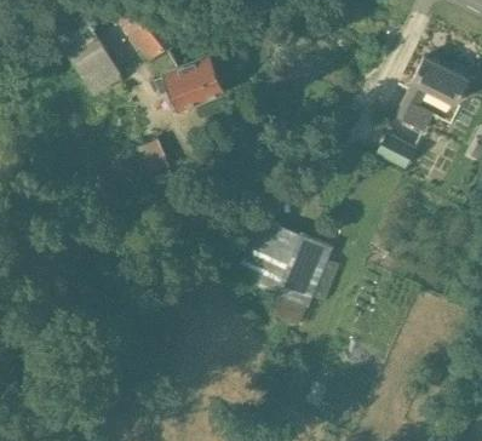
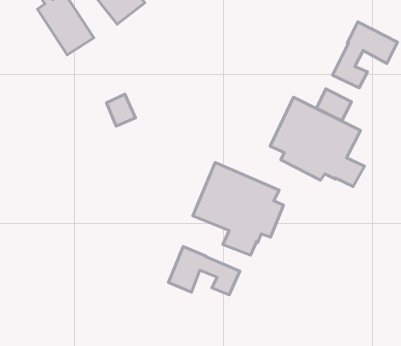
building: [154,58,223,110] -> none
building: none -> [270,97,364,186]
building: none -> [169,246,240,295]

